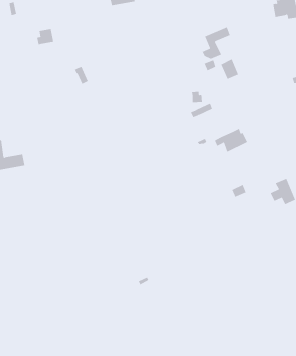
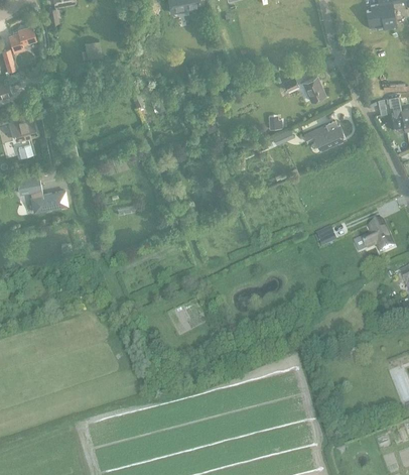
building: [202,27,231,59] -> none
building: [214,128,248,152] -> [303,120,344,149]

